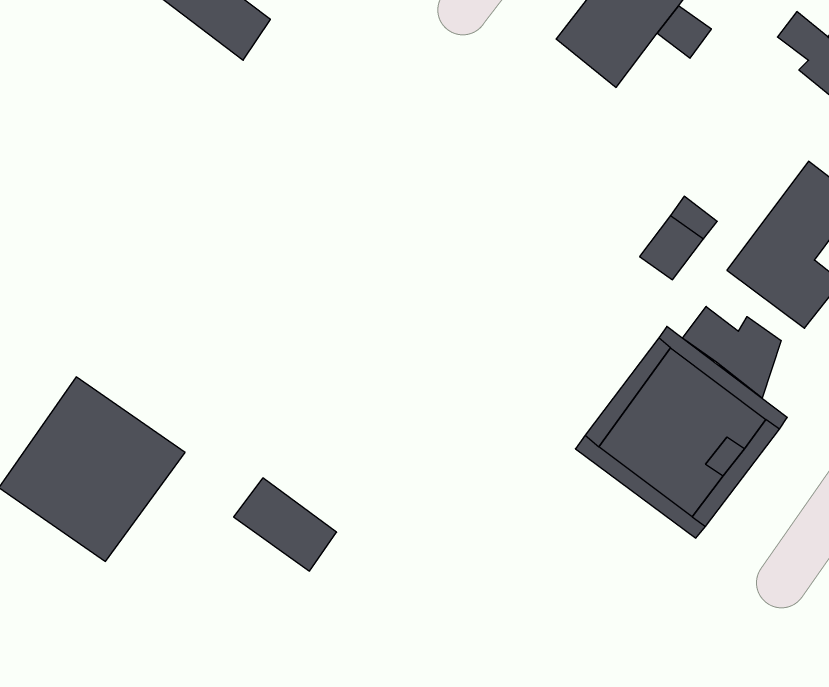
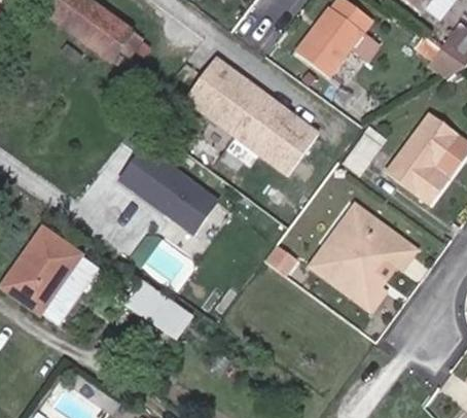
building: none -> [183,56,317,173]
building: none -> [117,145,216,233]
building: [682,306,781,398] -> none

